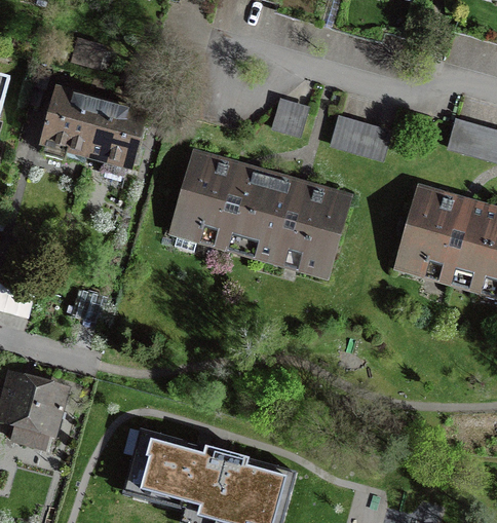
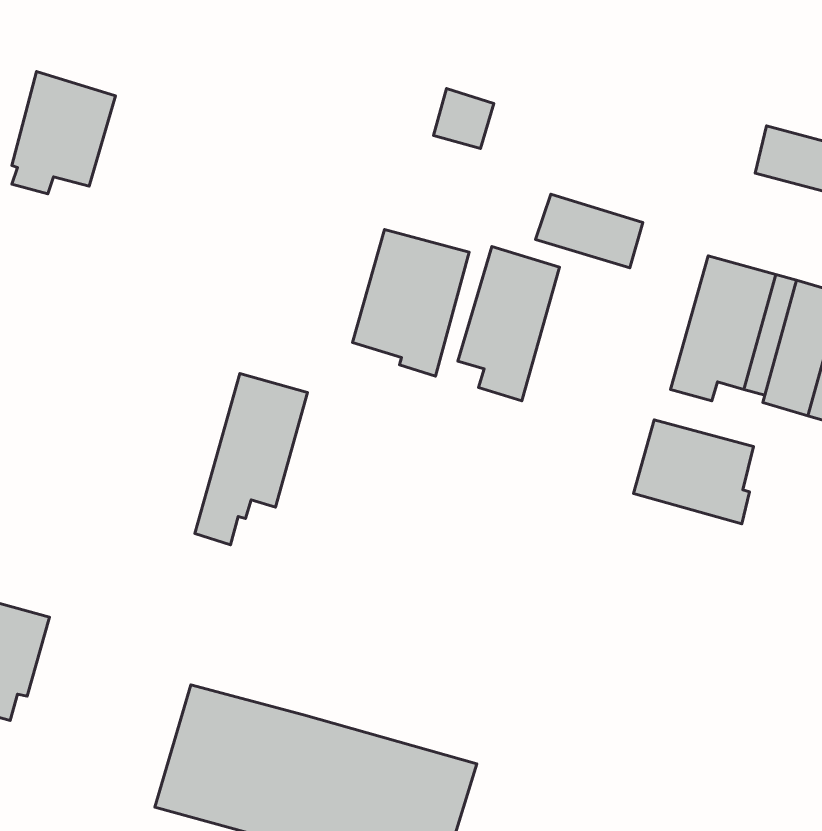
building: [84,105,142,175] -> none
building: [330,118,388,158] -> [536,194,643,268]
building: [173,157,234,251] -> [195,374,308,545]
building: none -> [633,420,754,524]

